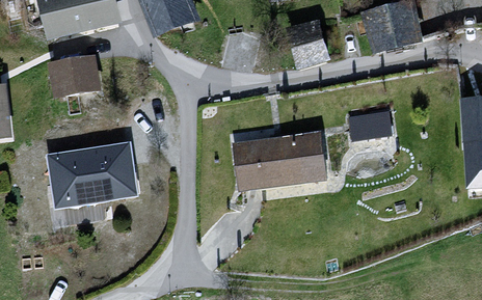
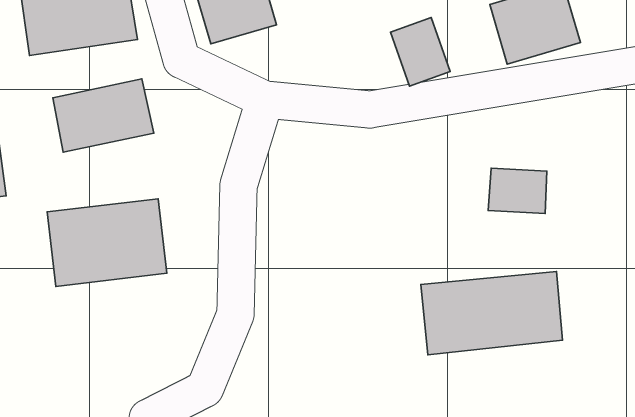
building: [240,126,341,185] -> [421,271,562,355]

